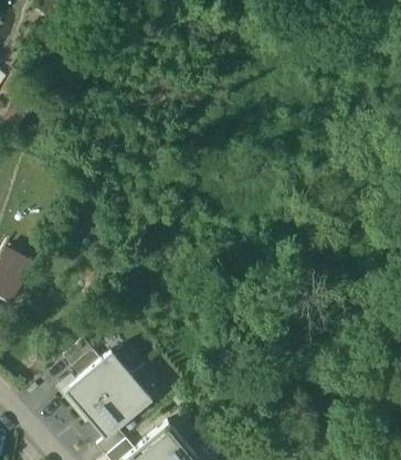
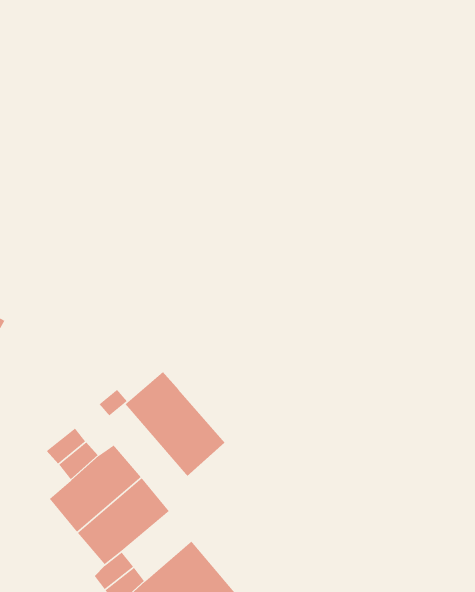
building: none -> [124,371,226,477]

